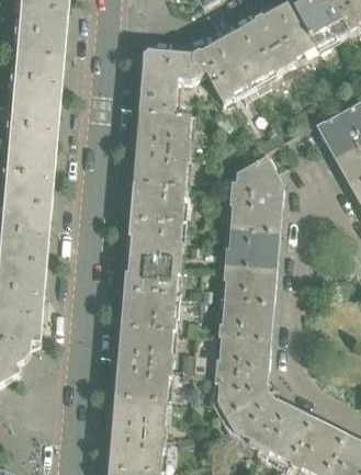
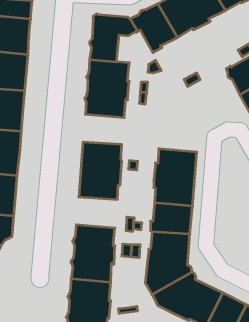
building: [229,155,284,233] -> none
building: [132,183,188,223] -> none
building: [123,291,177,331] -> none

